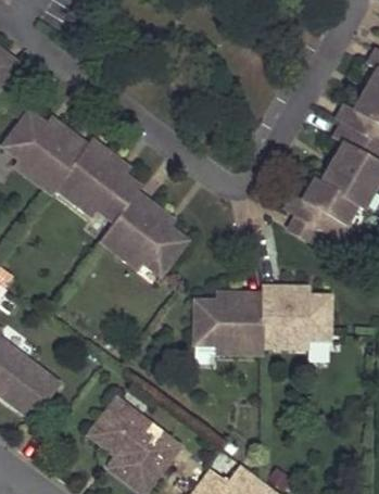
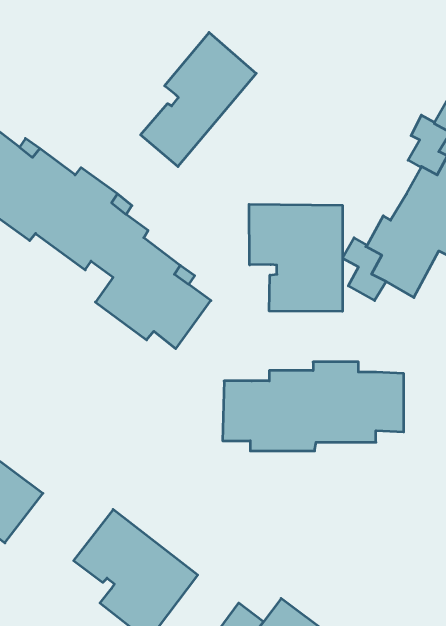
building: none -> [141,32,256,167]
building: none -> [249,204,342,311]

